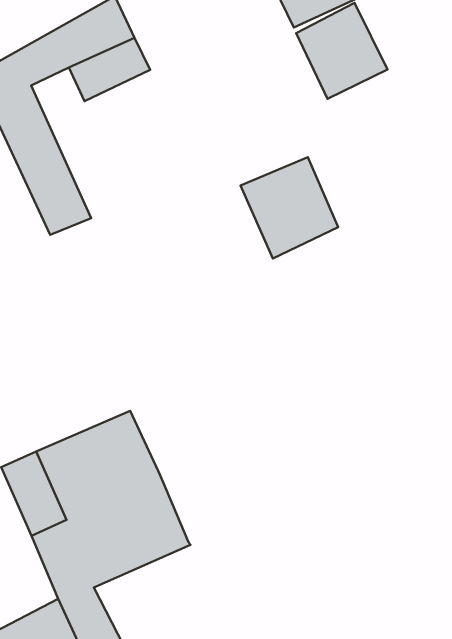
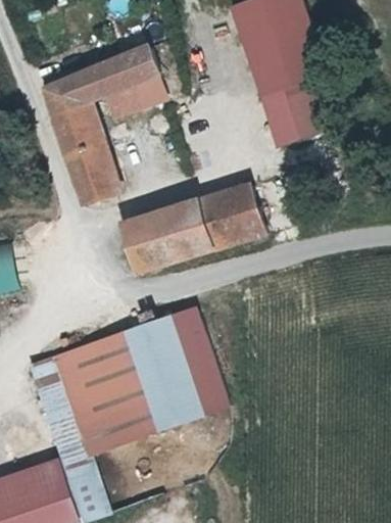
building: none -> [120,188,233,271]
building: none -> [176,312,230,417]
building: none -> [121,321,199,431]

